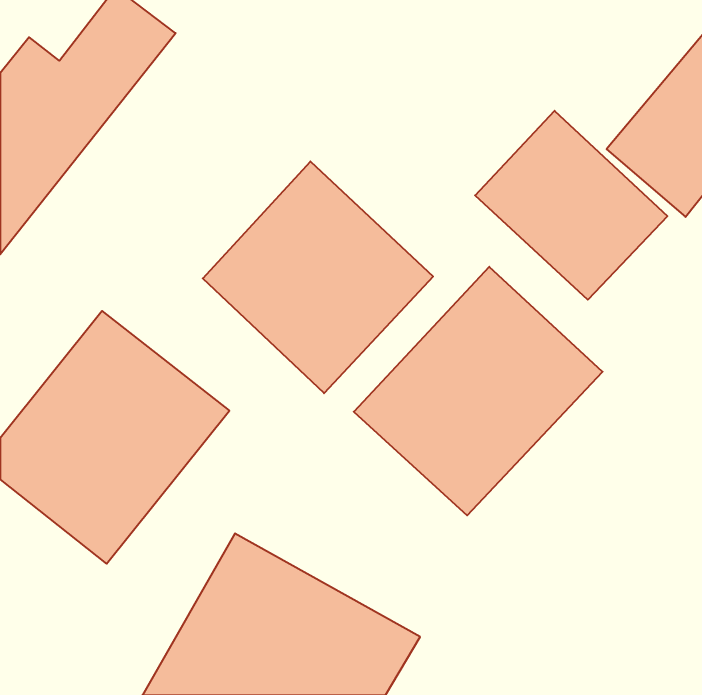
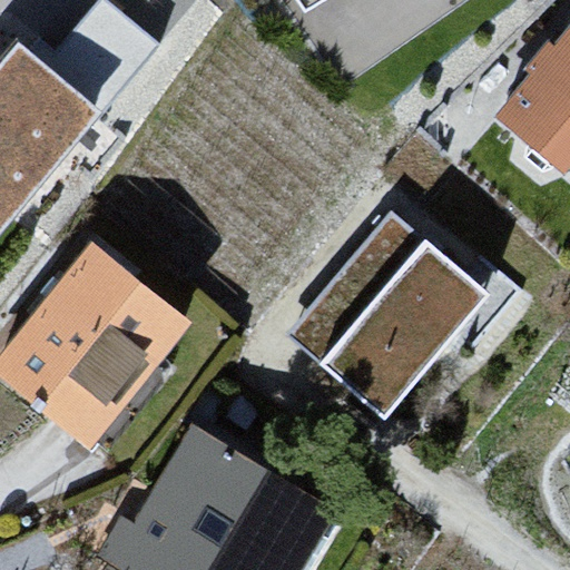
building: [475,111,667,300] -> none
building: [203,161,433,393] -> none

